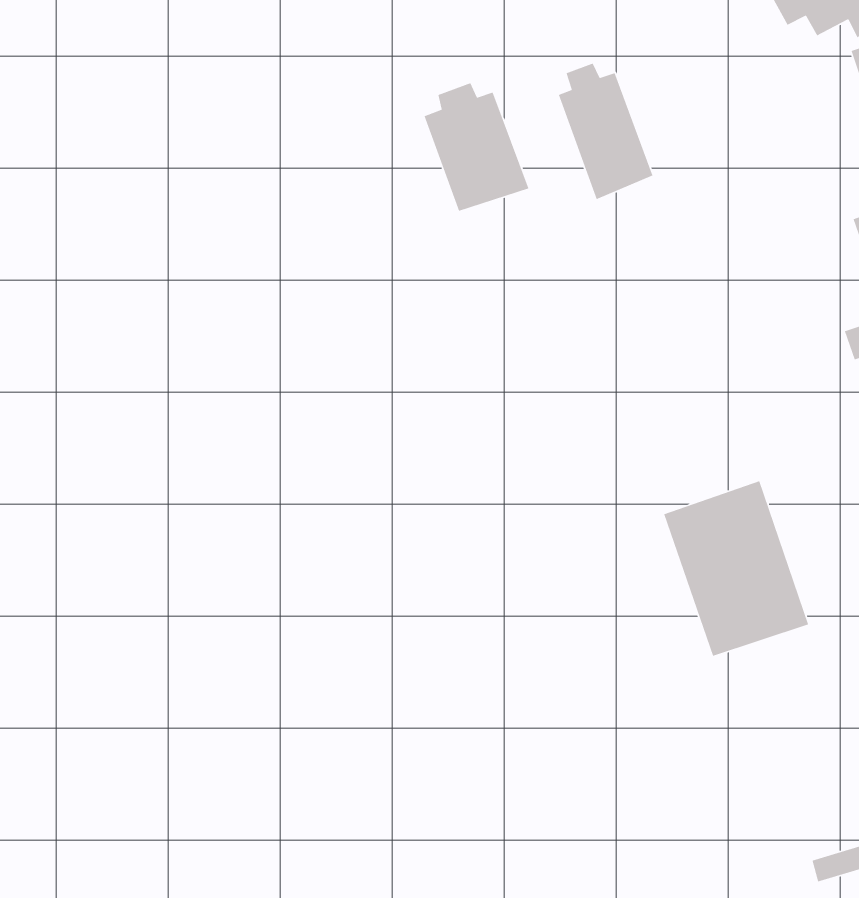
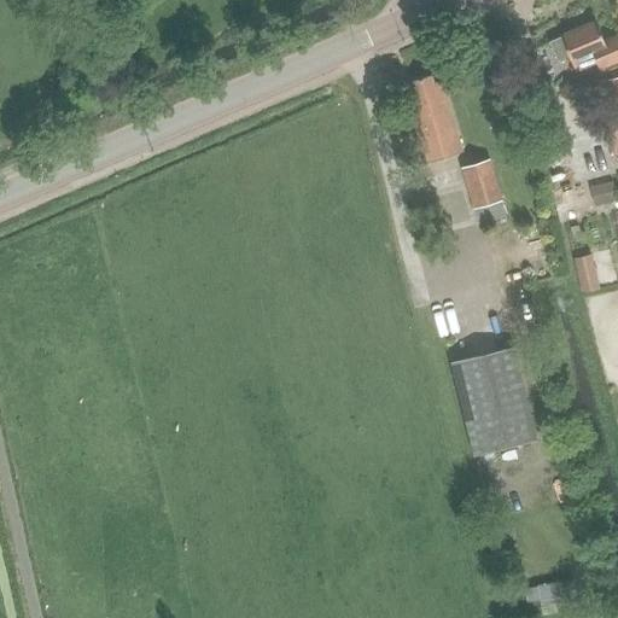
building: [423,82,529,212] -> none
building: none -> [461,161,508,226]

